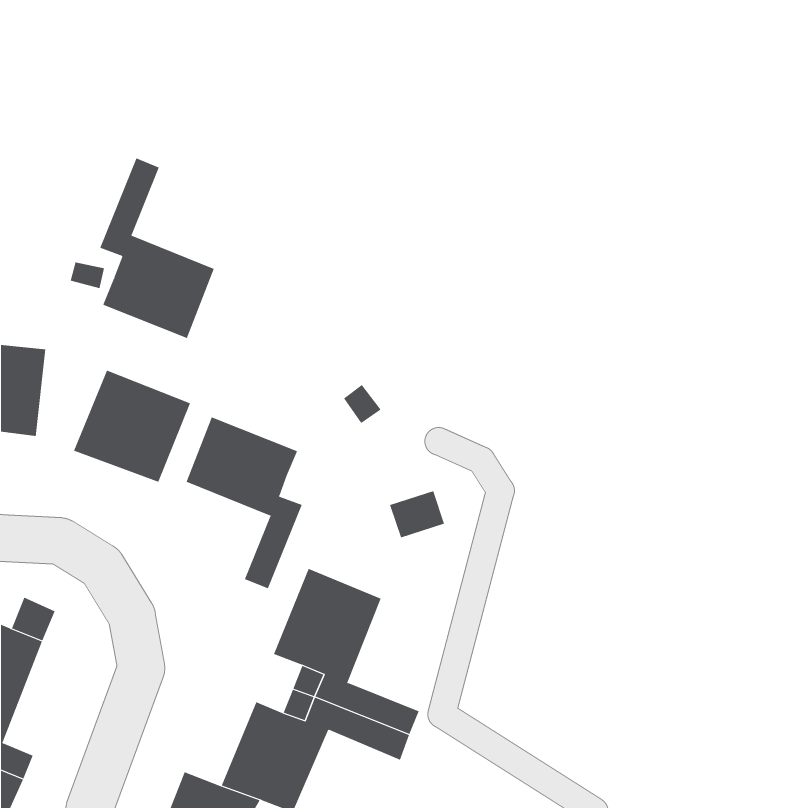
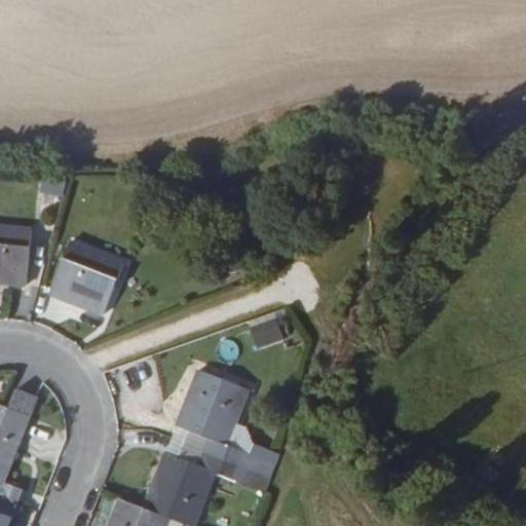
building: [99,158,215,339] -> none
building: [186,417,302,589] -> none

